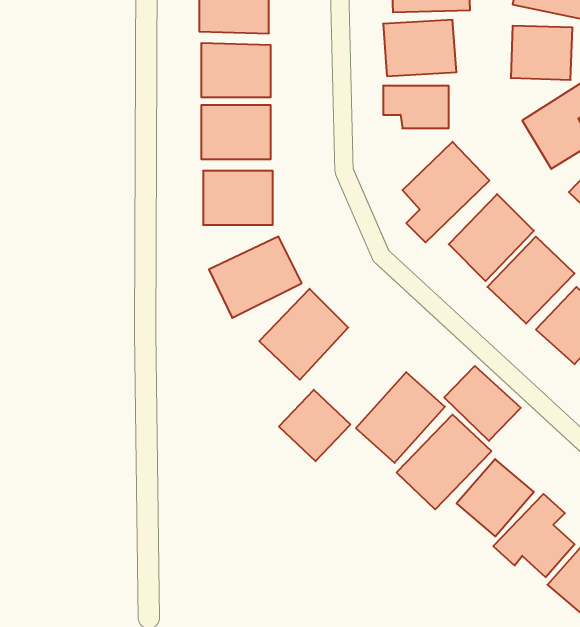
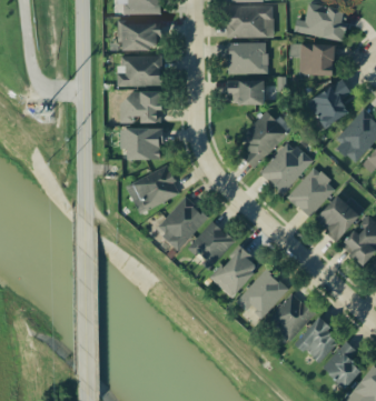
building: [444,366,521,441] -> none
building: [279,390,350,461] -> [190,221,231,262]

